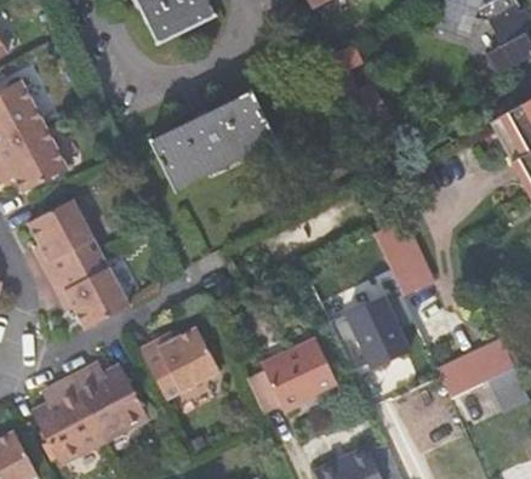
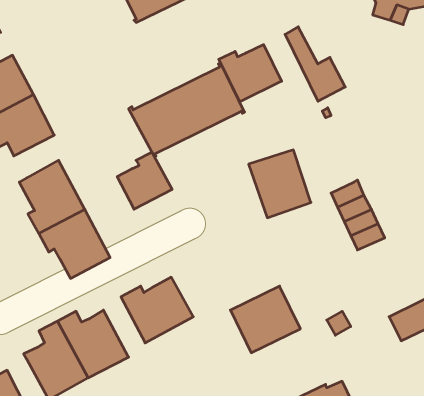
building: none -> [219,45,282,102]
building: none -> [117,152,172,209]
building: [347,290,416,365] -> [249,150,311,218]

